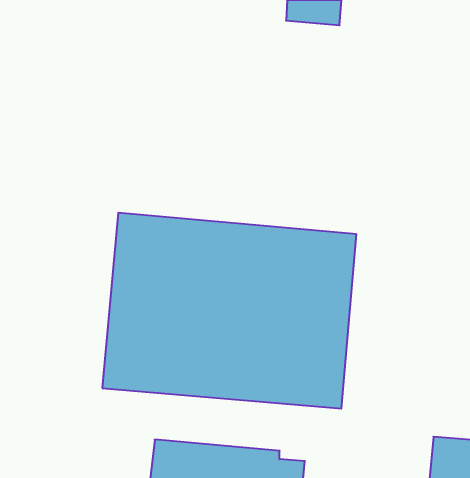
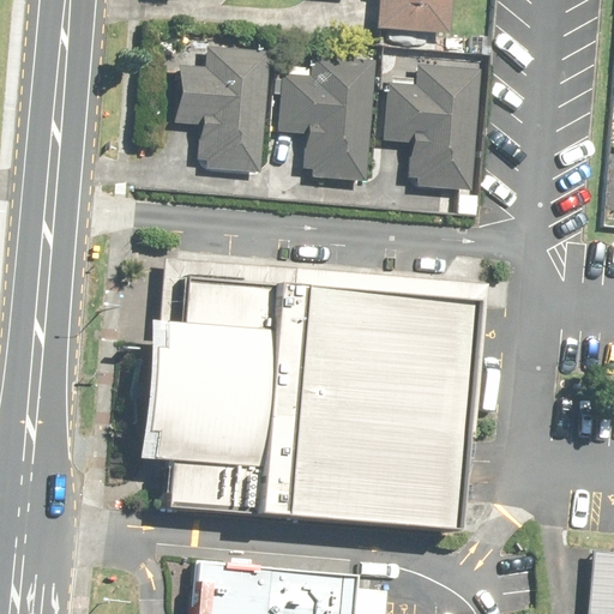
building: none -> [176,52,267,175]
building: none -> [282,59,374,180]
building: none -> [384,67,478,195]

